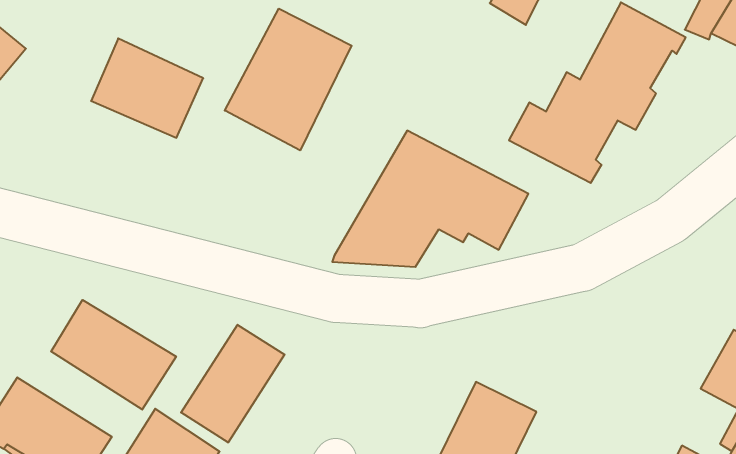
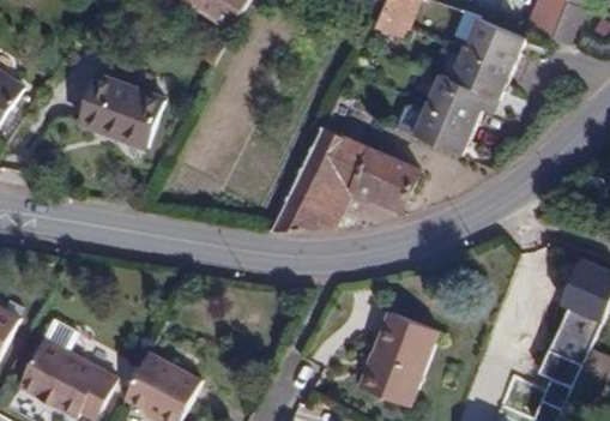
building: [225,9,352,150] -> none
building: [51,300,176,410] -> none
building: [181,325,285,443] -> none

